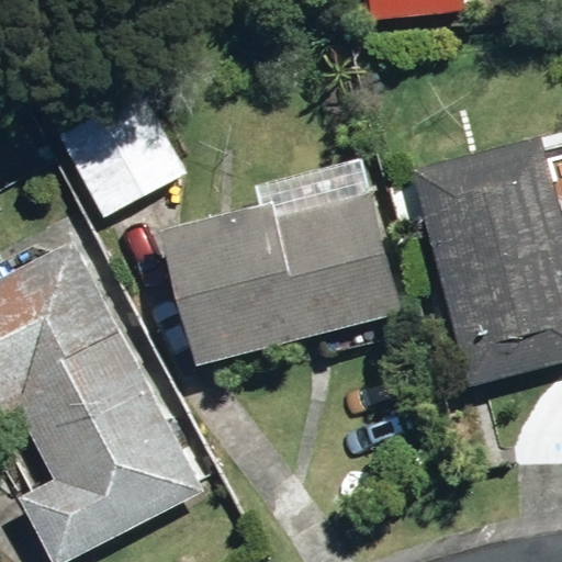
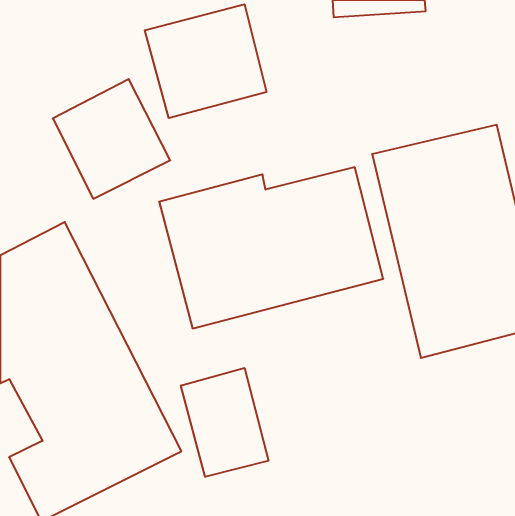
building: none -> [145,4,267,118]
building: none -> [181,368,269,477]

